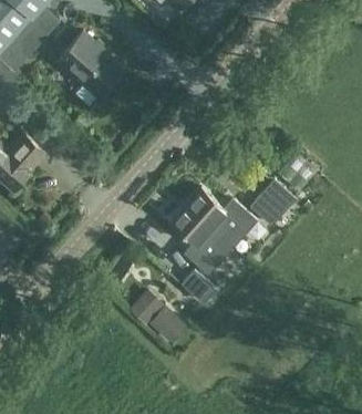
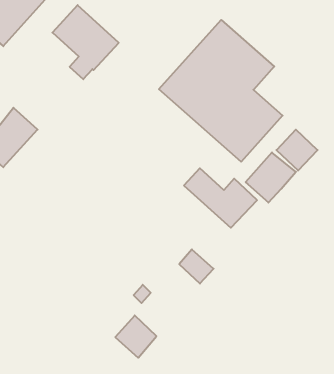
building: none -> [159,20,283,162]
building: [170,207,231,275] -> none
building: [145,303,185,344] -> [115,315,156,358]

